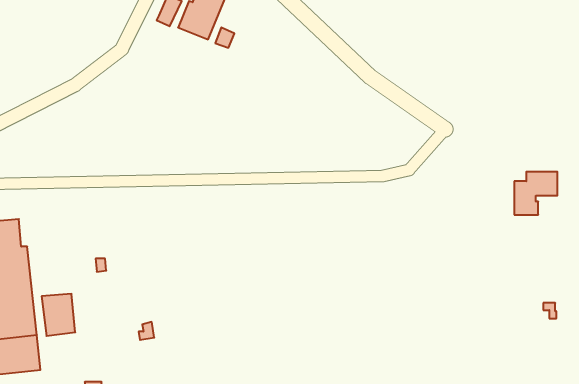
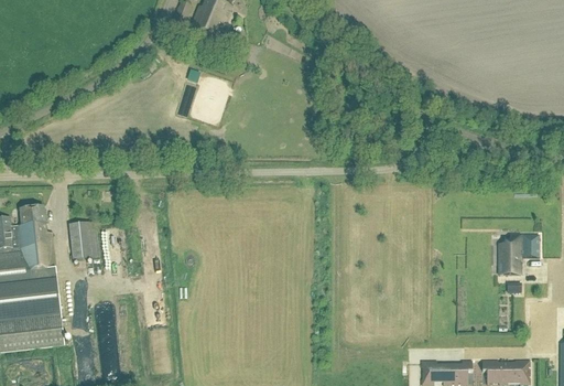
building: [514,172,557,215] -> [498,235,538,275]
building: [42,294,75,336] -> [68,221,99,259]

